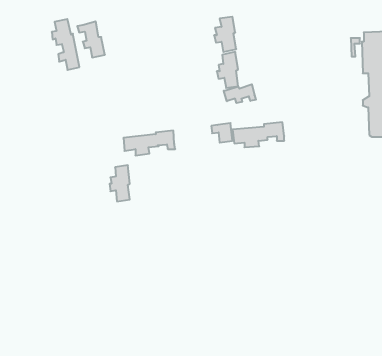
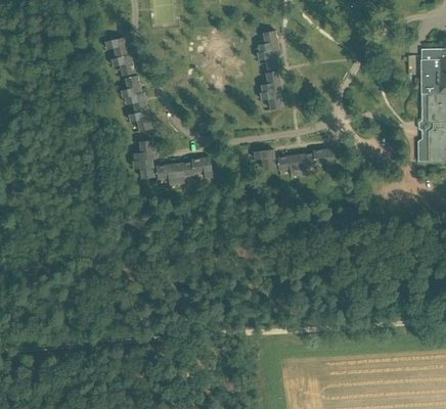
building: [52,19,79,70] -> [120,75,150,131]
building: [224,84,256,103] -> none
building: [110,165,130,201] -> [131,139,153,179]

